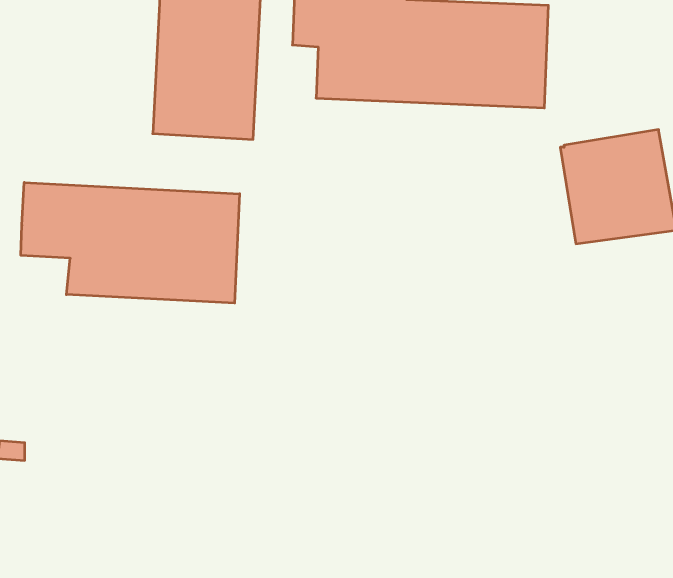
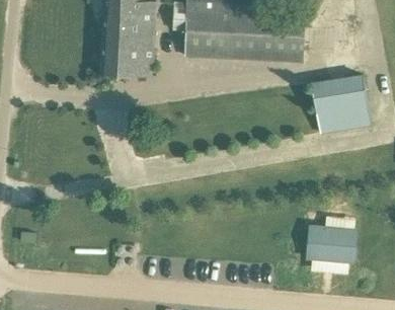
building: [21,182,240,303] -> none
building: none -> [307,224,360,264]

